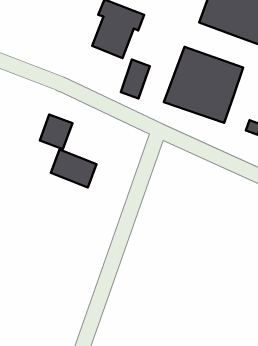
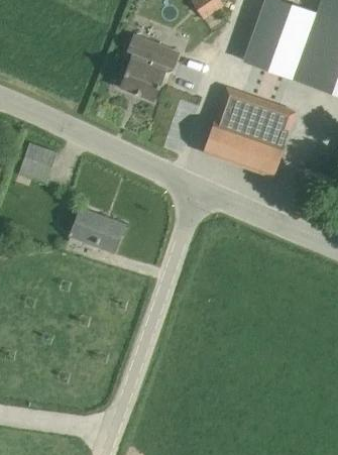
building: [121,60,150,99] -> none
building: [40,115,72,149] -> [19,143,58,184]

